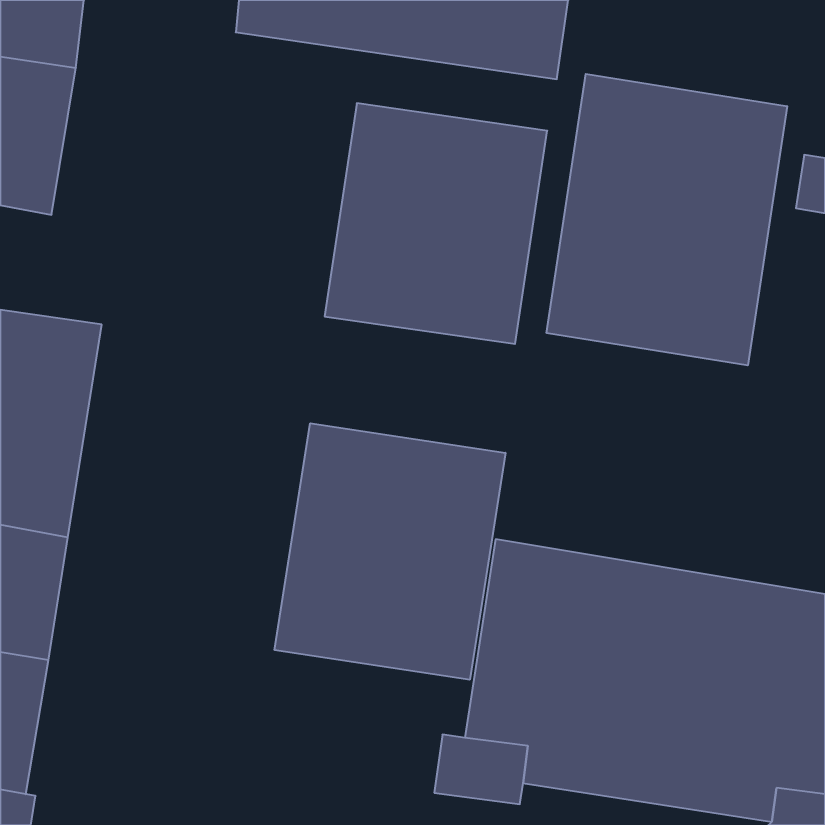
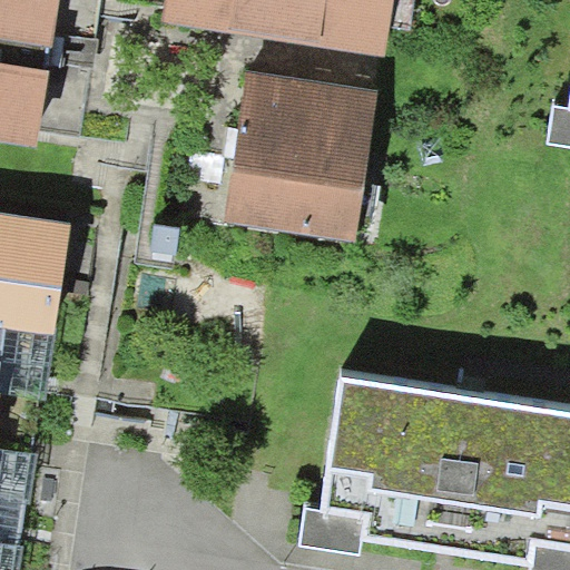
building: [547,74,787,365] -> none
building: [275,423,505,680] -> none

